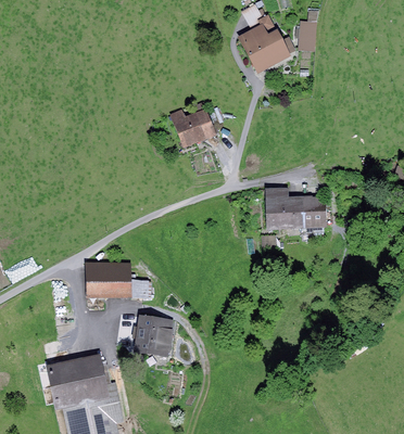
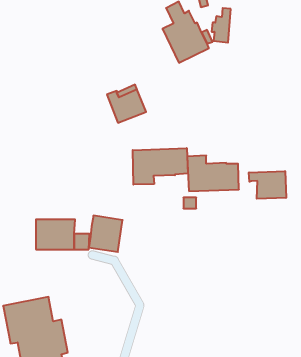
building: none -> [133,148,188,185]
building: none -> [249,171,286,199]
building: [134,314,174,357] -> [89,216,123,252]

